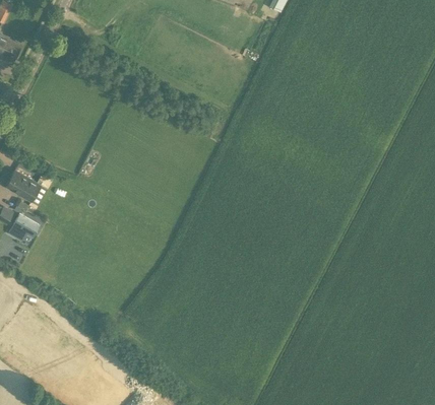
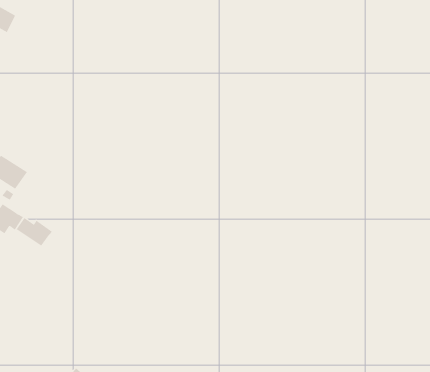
building: none -> [16,217,53,247]

